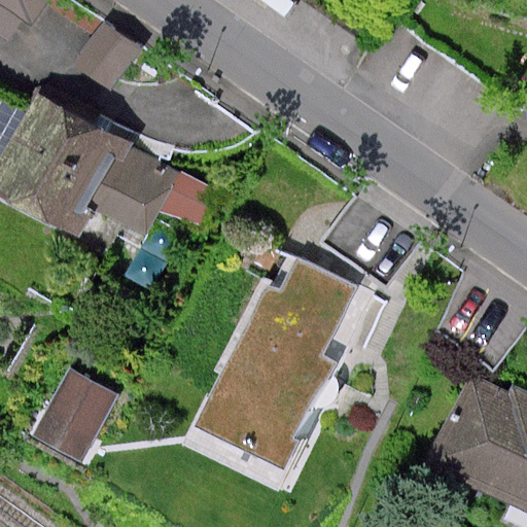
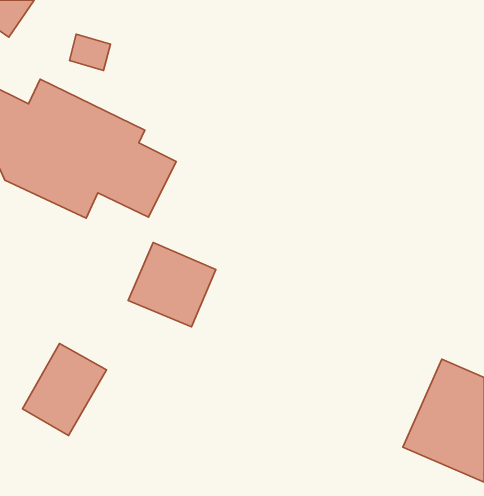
building: none -> [128,243,216,327]
building: [215,271,352,471] -> none

